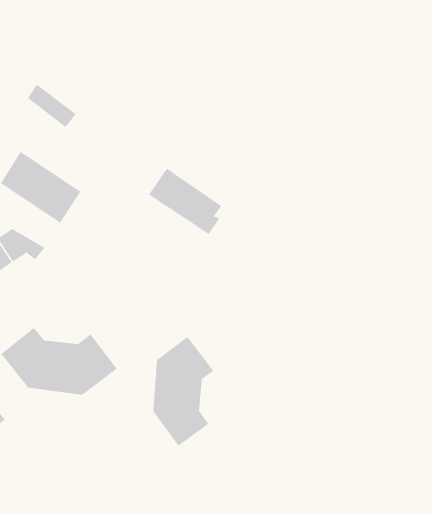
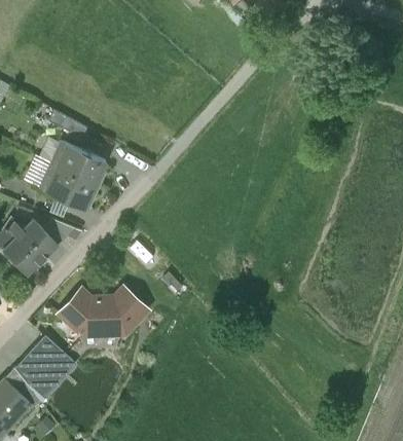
building: [148,168,222,235] -> [50,141,106,185]
building: [153,336,214,446] -> none

